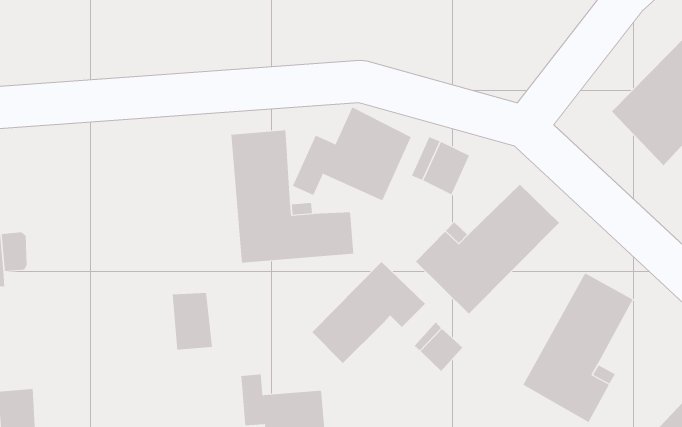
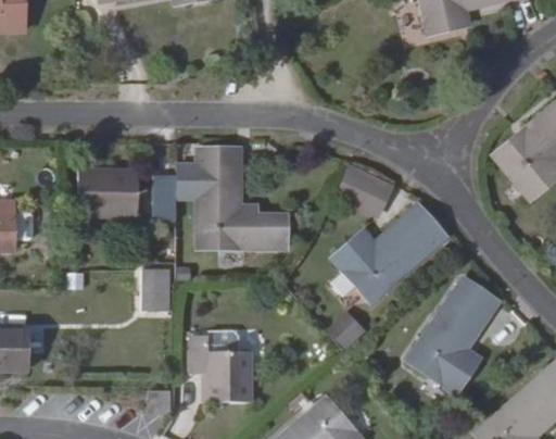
building: [292,107,412,201] -> none
building: none -> [77,168,139,216]
building: none -> [153,177,176,221]
building: [311,261,426,364] -> none

